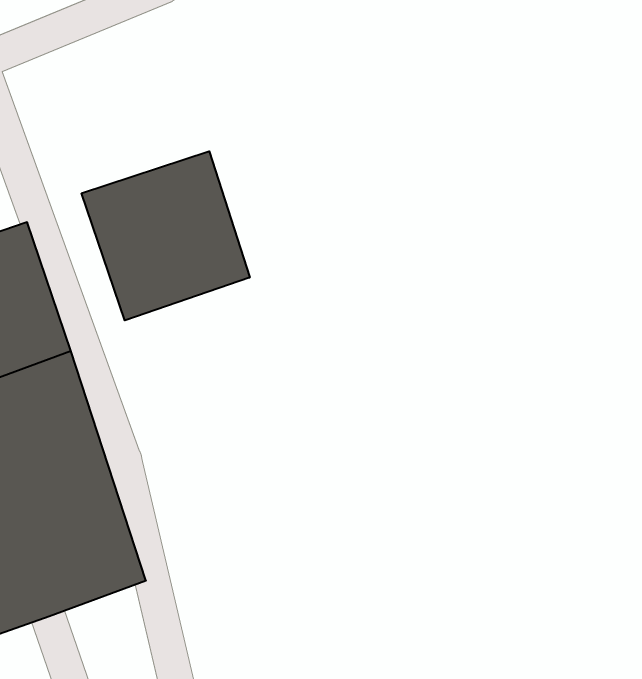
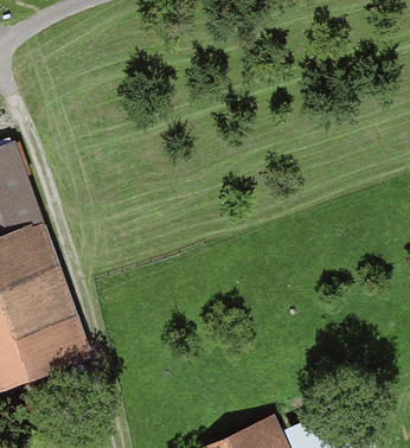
building: [82,151,250,320] -> none

